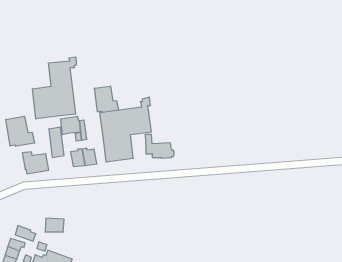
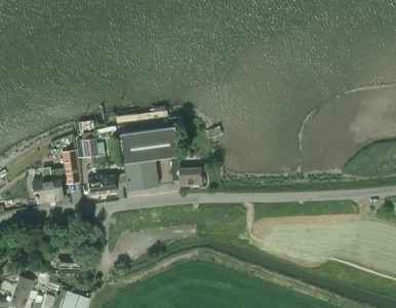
building: [32,57,76,119] -> none
building: [95,86,118,112] -> none
building: [6,116,35,146] -> none

